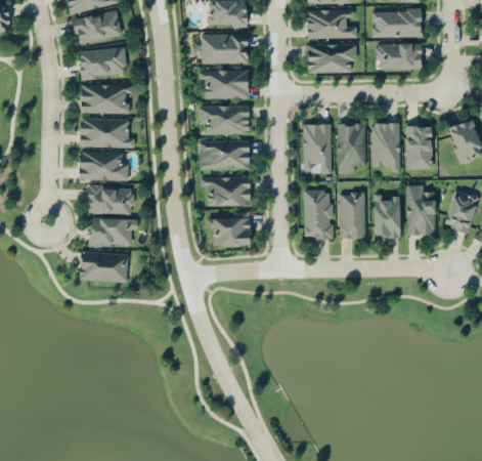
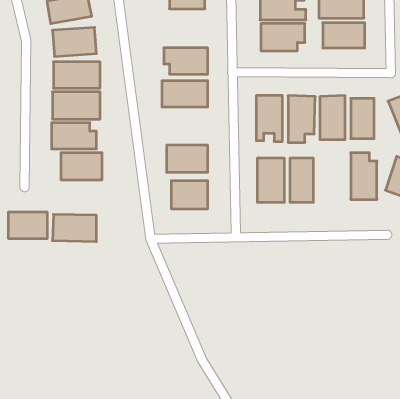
building: [194,34,249,64] -> none
building: [200,140,250,169] -> none
building: [374,195,400,238] -> none
building: [89,218,132,247] -> [8,212,47,238]

